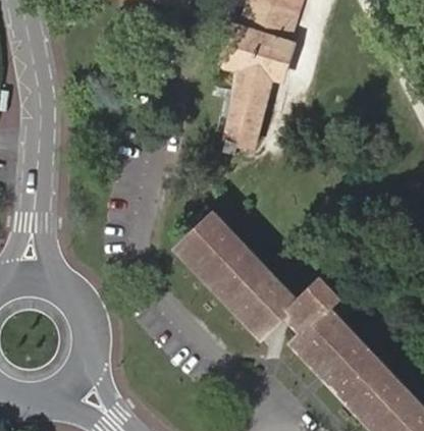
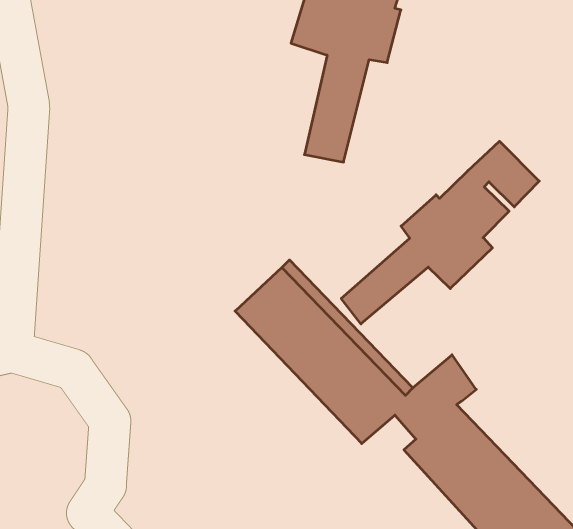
building: none -> [341,141,539,324]

